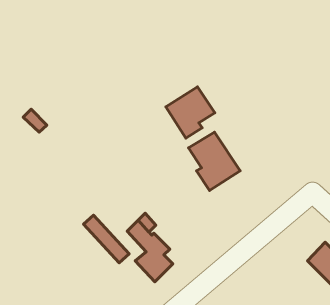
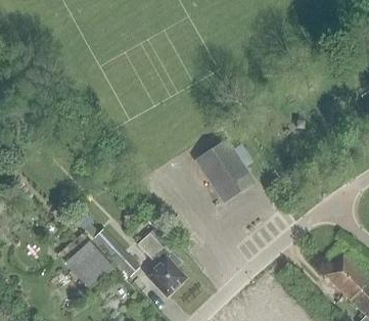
building: [166,87,215,138] -> none
building: none -> [64,240,112,289]

